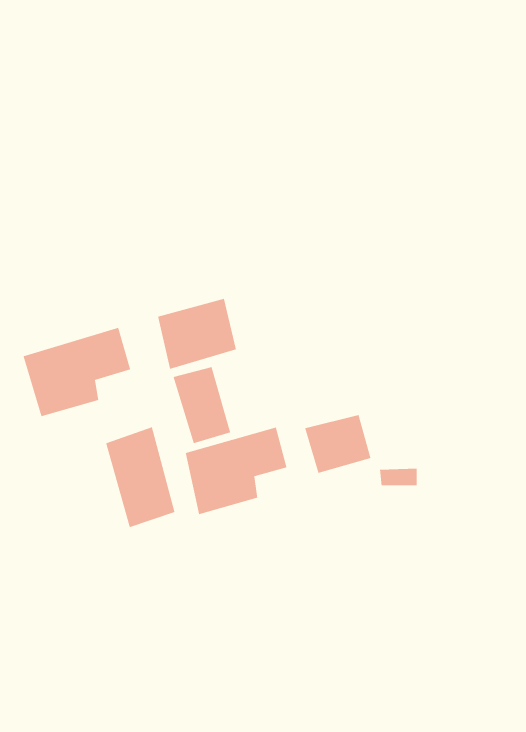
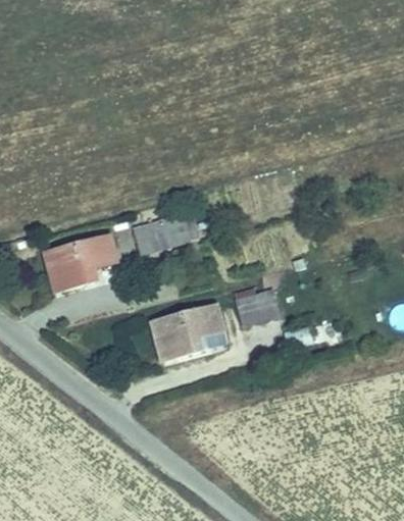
building: [173,366,231,444] -> none
building: [105,426,175,528] -> none

